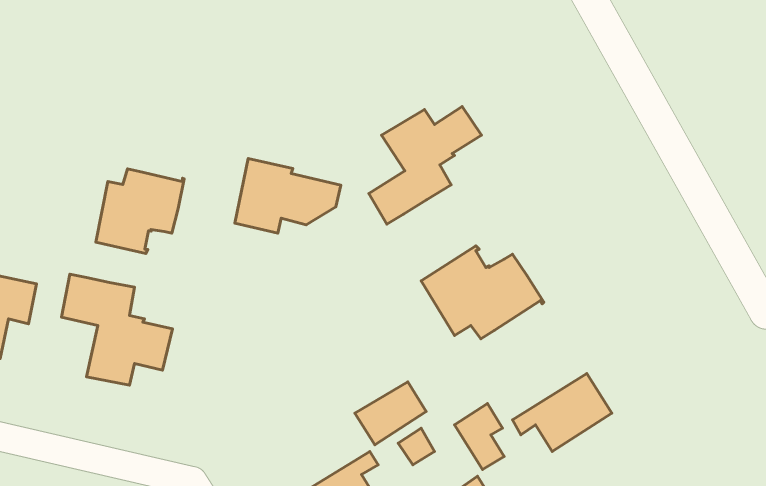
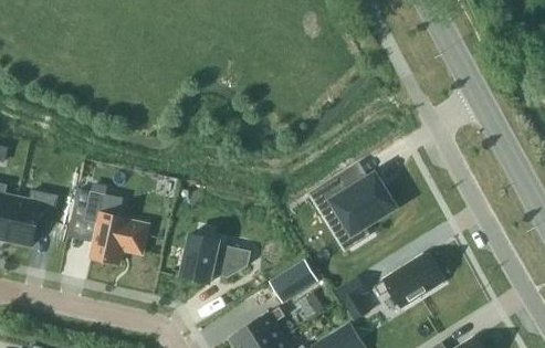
building: [369,107,482,224] -> none
building: [235,159,341,233] -> [180,233,251,283]
building: [96,169,184,254] -> none

